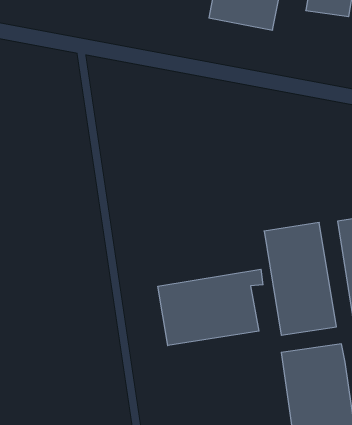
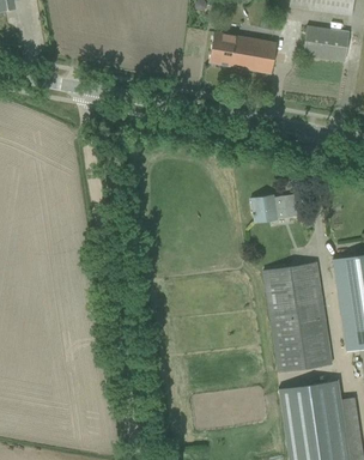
building: none -> [250,193,301,222]
building: [158,269,263,346] -> none

